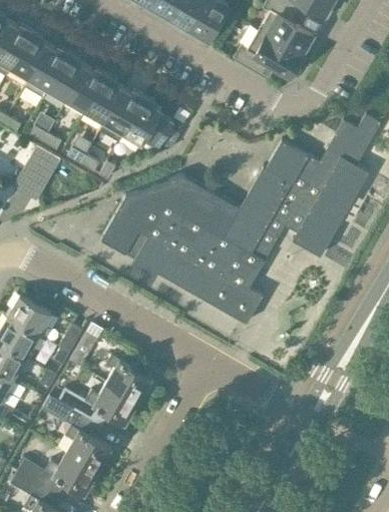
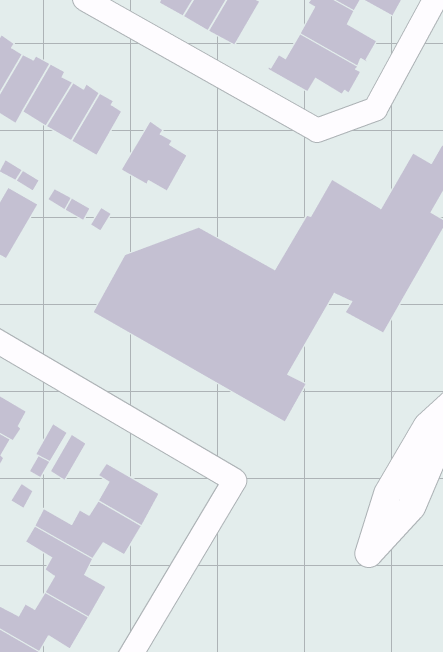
building: [100,89,144,141] -> none

